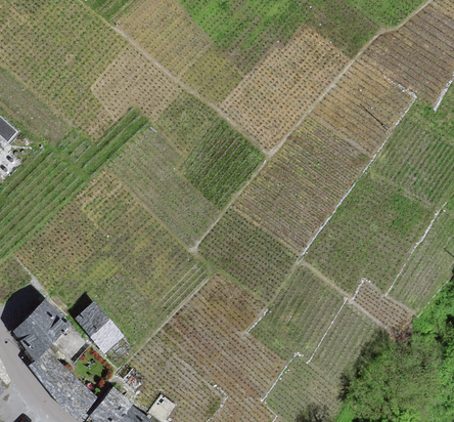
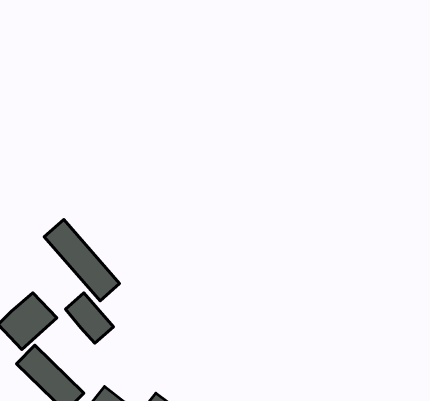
building: none -> [44,219,119,301]

